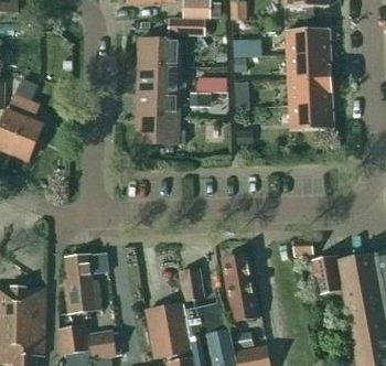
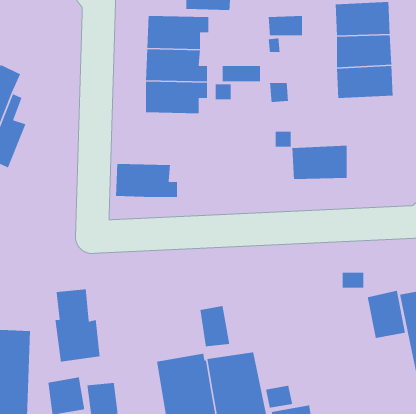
building: [289,103,333,130] -> [292,145,347,180]
building: [136,116,185,143] -> [115,163,178,198]
building: [225,254,260,321] -> none

